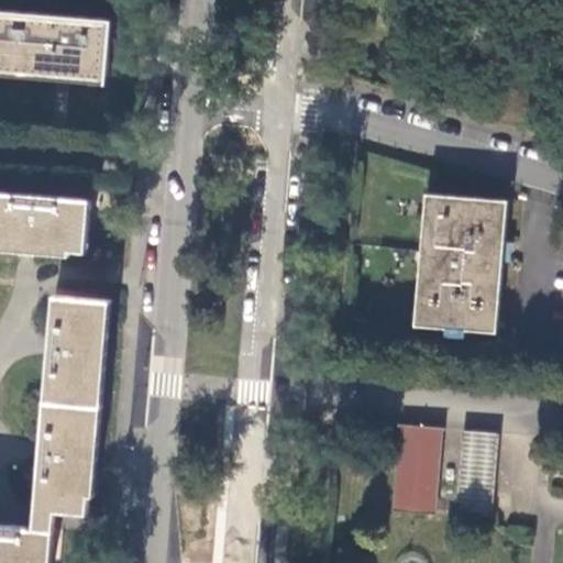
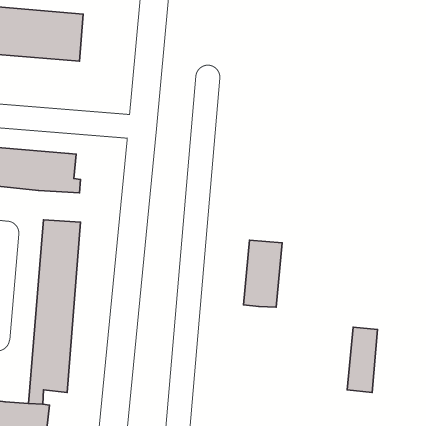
building: [412,194,503,331] -> none
building: [390,424,441,512] -> [244,240,282,307]

